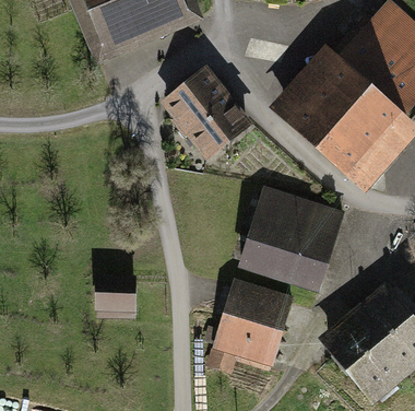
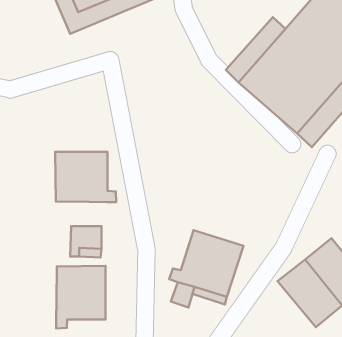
building: [167,70,247,152] -> none
building: [241,188,342,282] -> none
building: none -> [55,152,116,202]
building: none -> [56,266,105,328]

